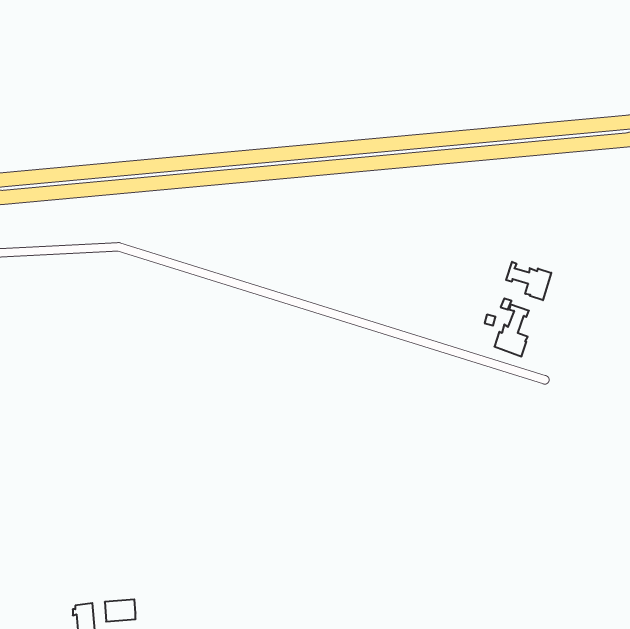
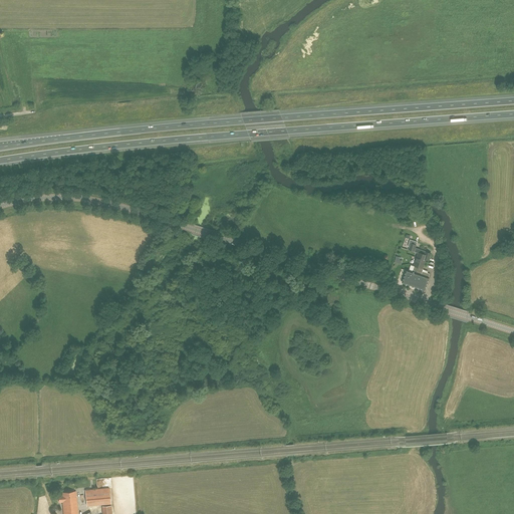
building: [506,262,551,300] -> none

